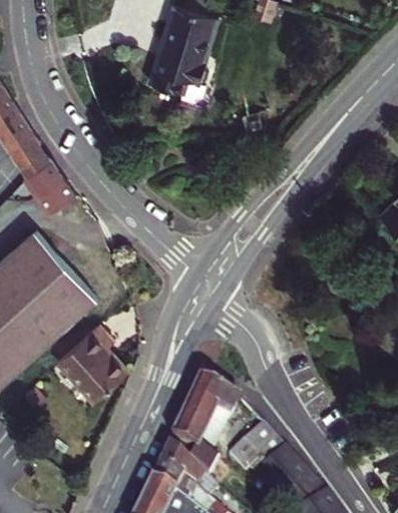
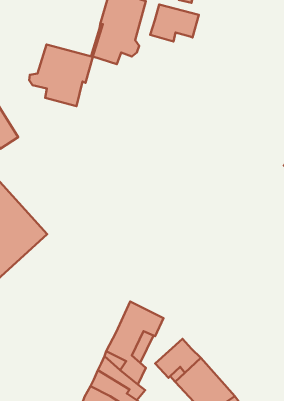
building: none -> [150,4,199,42]
building: none -> [29,44,93,106]
building: [56,326,127,404] -> none

